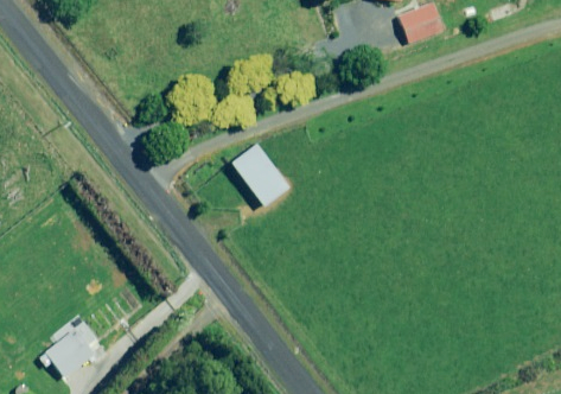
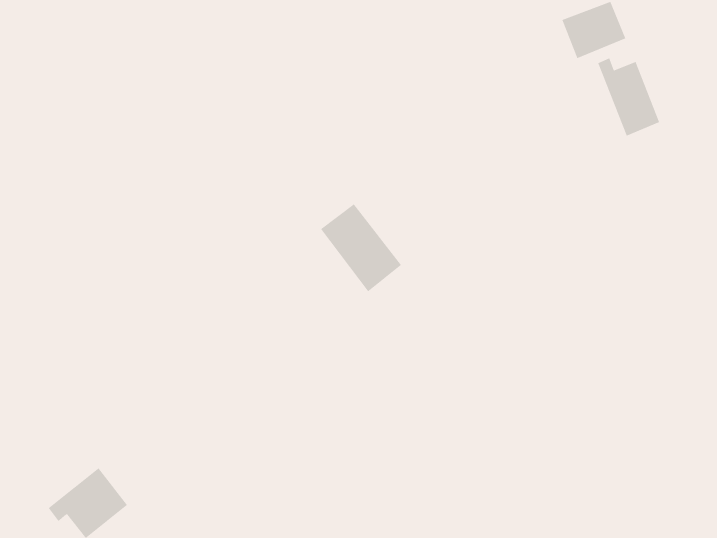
building: none -> [598,58,660,137]

